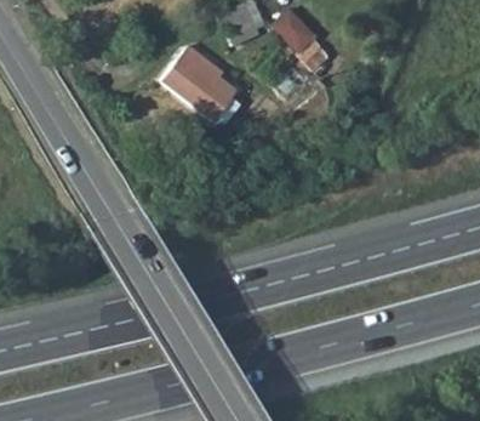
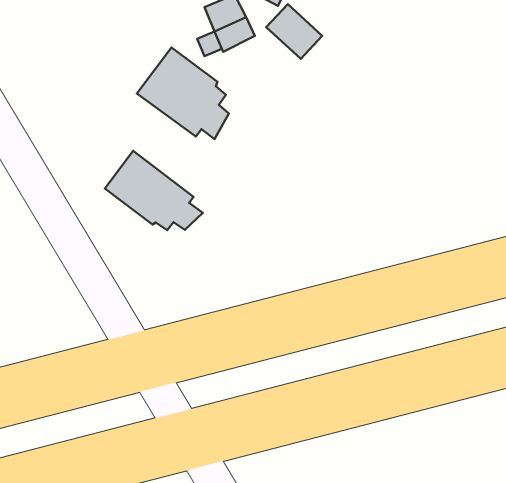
building: none -> [105,151,203,230]

